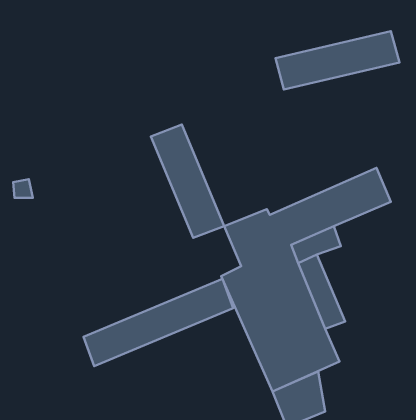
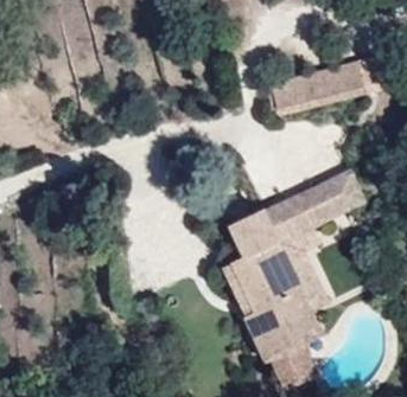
building: [151,125,224,238] -> none
building: [83,279,233,366] -> none

